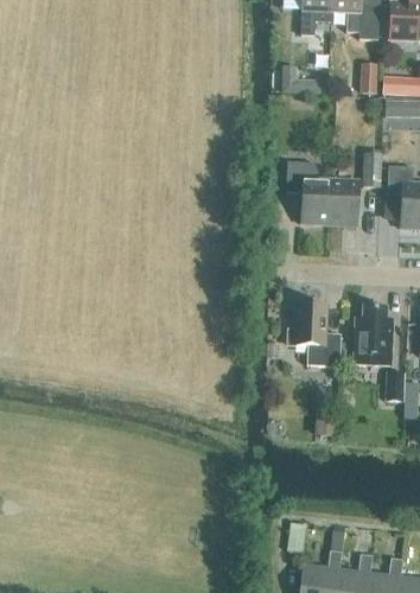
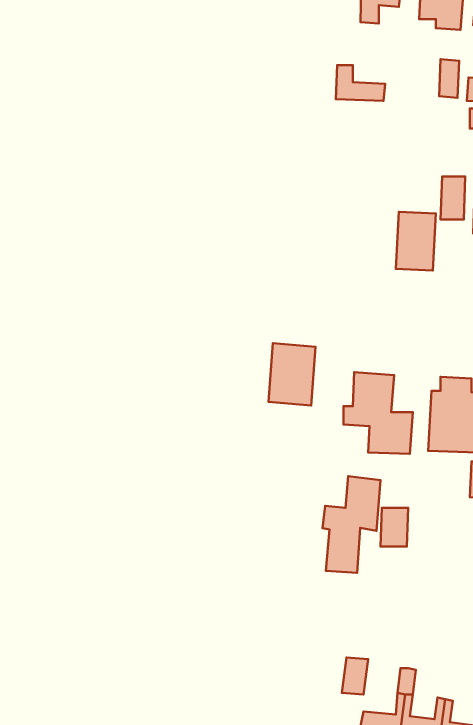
building: [287,161,331,224] -> none
building: none -> [268,343,315,406]
building: none -> [323,476,380,573]

